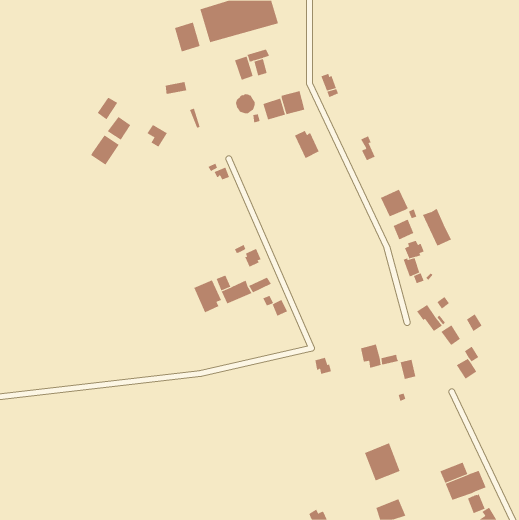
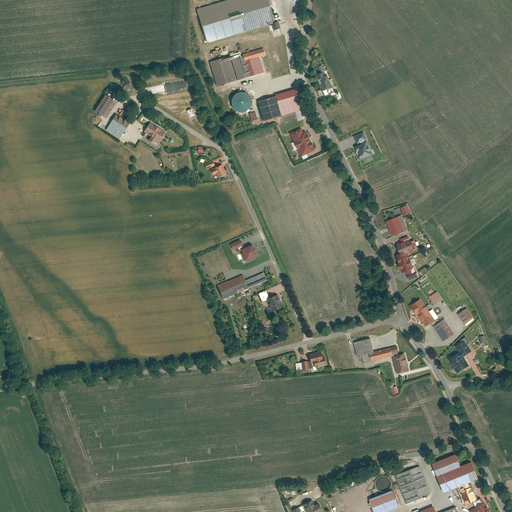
building: [174,22,201,52] -> [209,56,235,86]
building: [90,135,119,166] -> none
building: [380,189,408,217] -> none
building: [422,208,452,246] -> none
building: [194,279,222,313] -> none
building: [364,443,401,481] -> [394,465,430,503]

